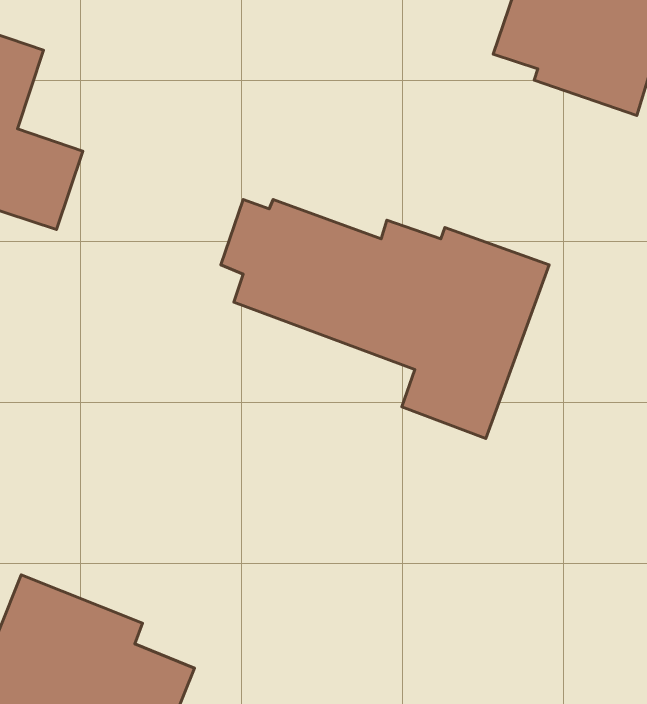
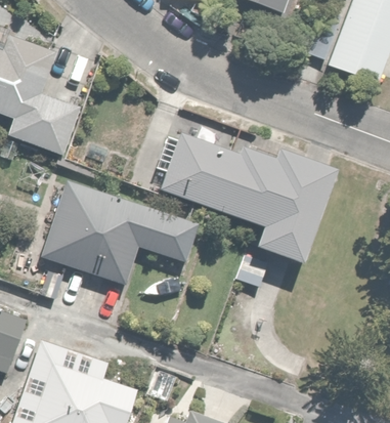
building: none -> [40,183,194,324]

